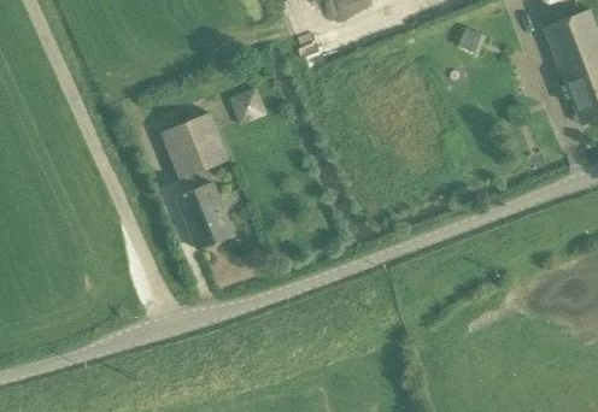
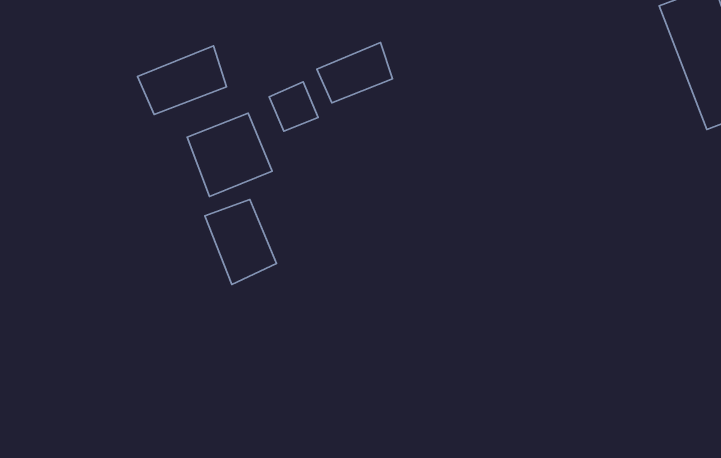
building: none -> [317,43,393,103]
building: none -> [138,46,226,115]

